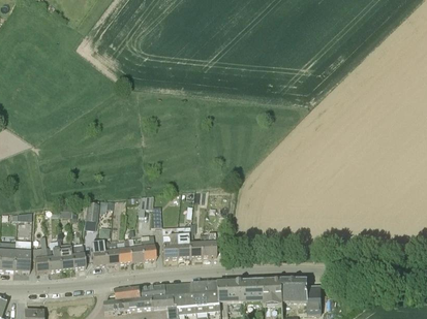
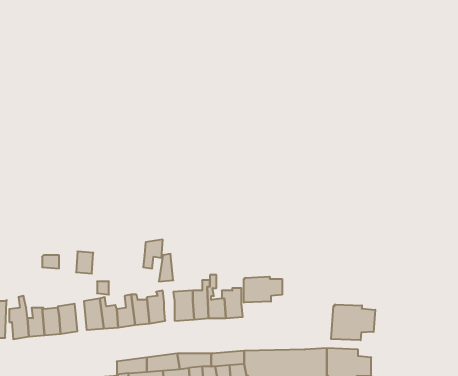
building: none -> [244,277,282,303]
building: none -> [331,304,375,340]

